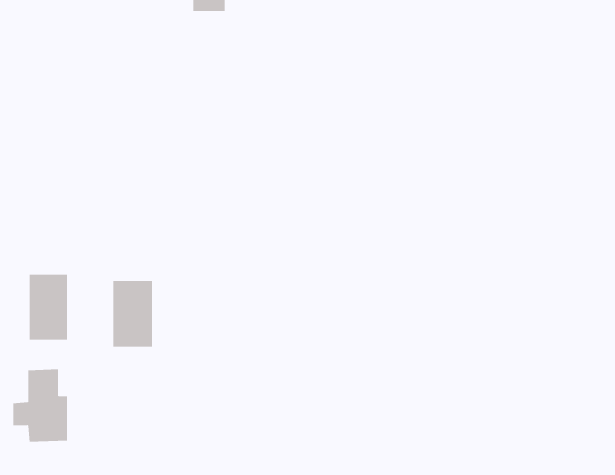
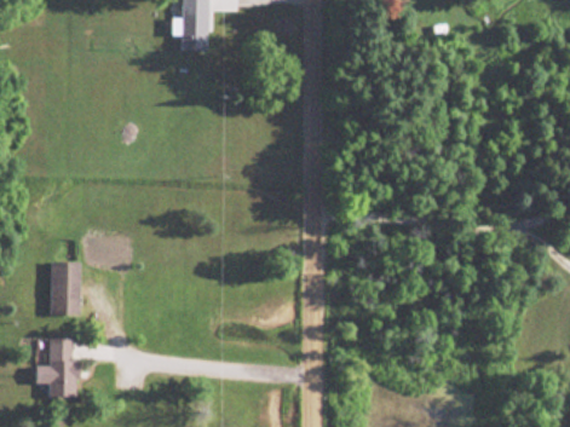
building: [113,280,152,348] -> none

